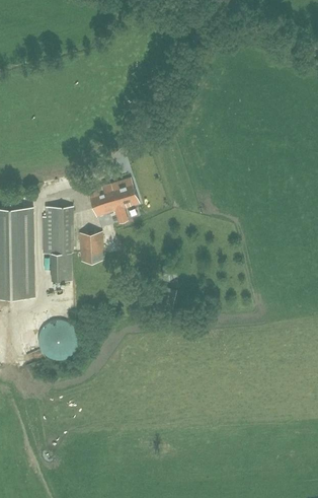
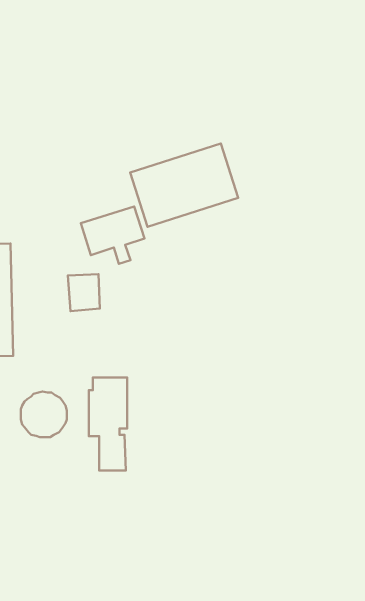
building: none -> [130,144,238,227]
building: [43,206,73,280] -> [89,377,127,470]

